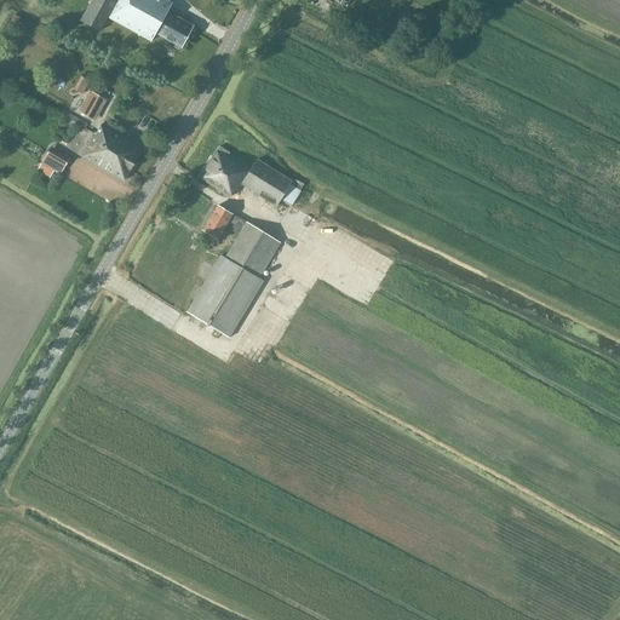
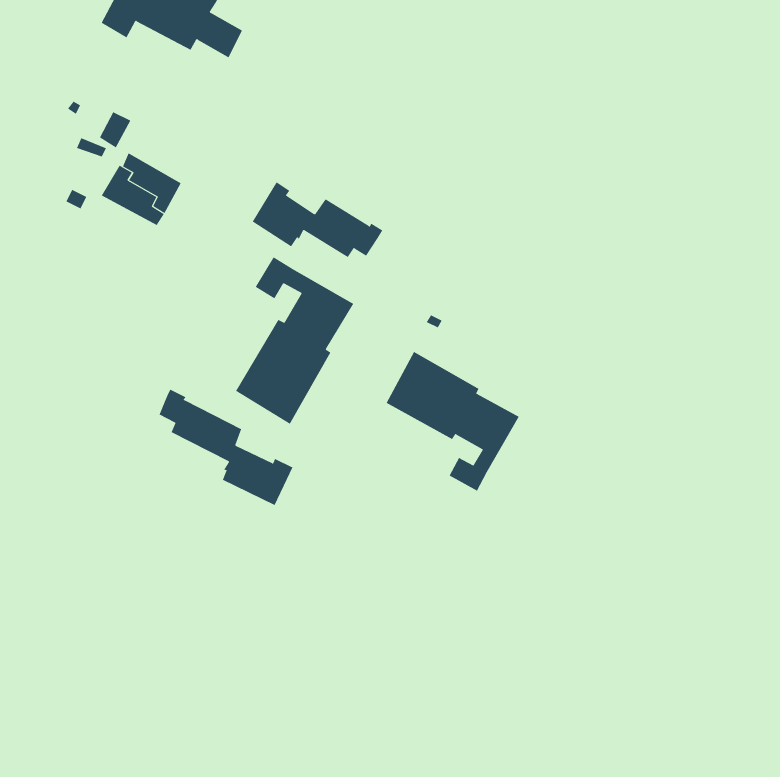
building: none -> [386,351,519,491]
building: none -> [159,389,293,506]

